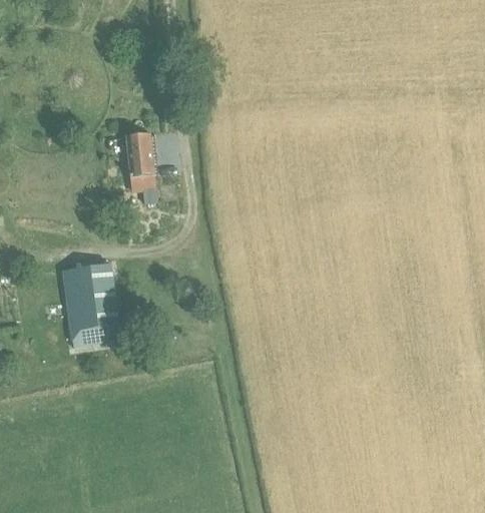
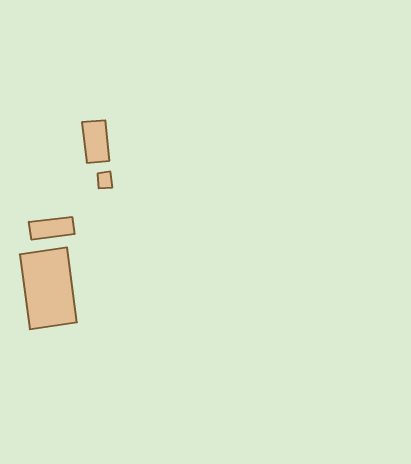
building: none -> [29,217,75,240]

